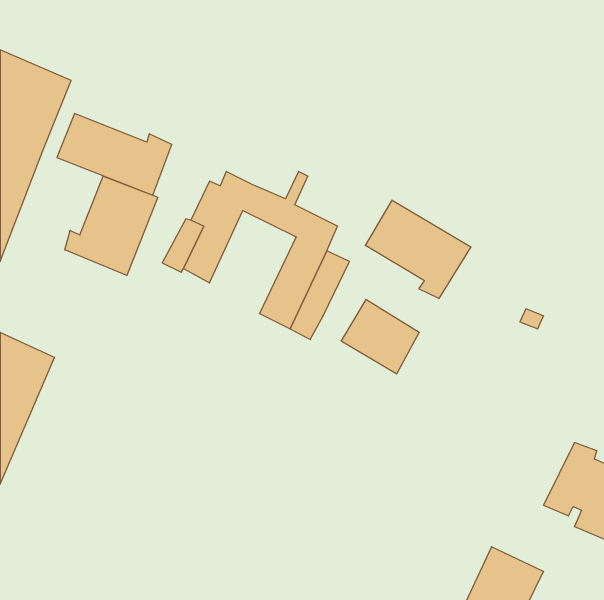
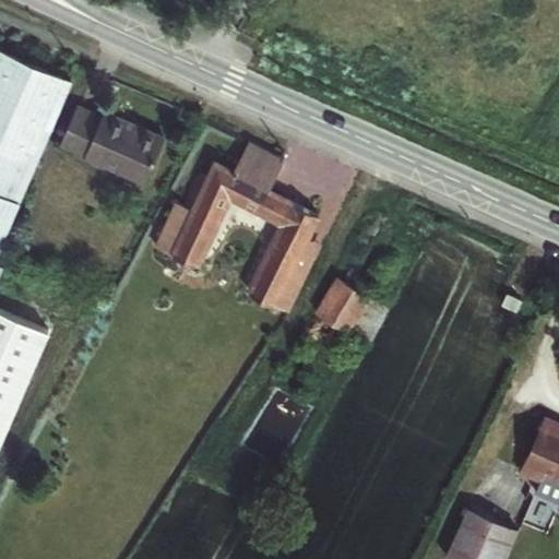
building: none -> [234,150,276,188]
building: [65,176,158,275] -> none
building: [365,200,471,299] -> none

